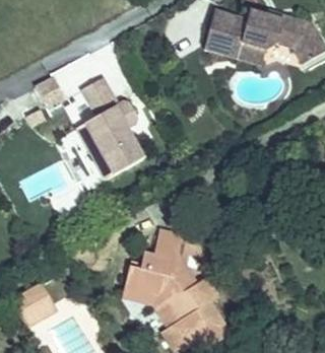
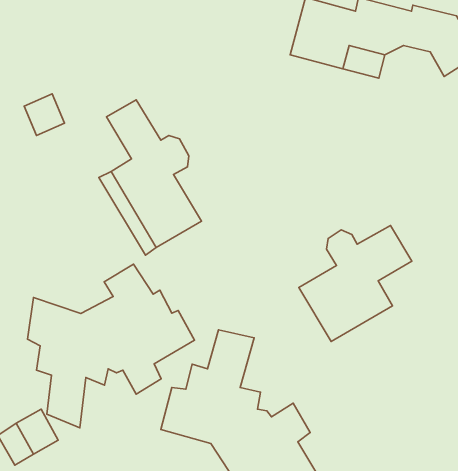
building: none -> [299,226,412,342]
building: none -> [28,264,194,428]

